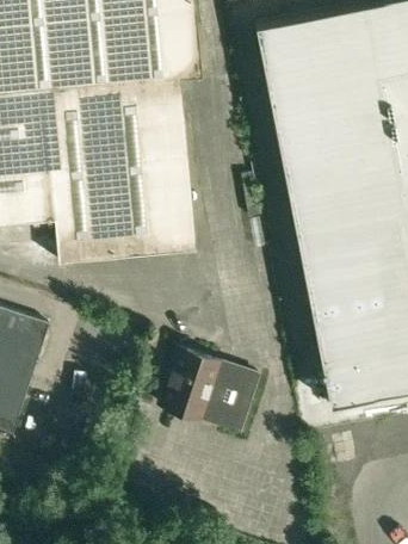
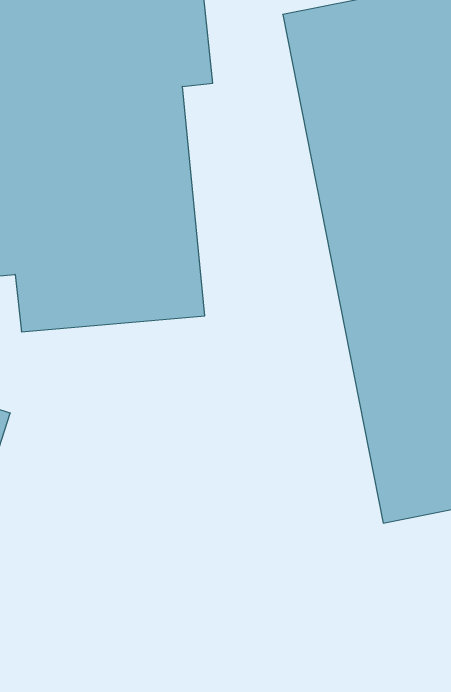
building: [159,352,256,435] -> none

